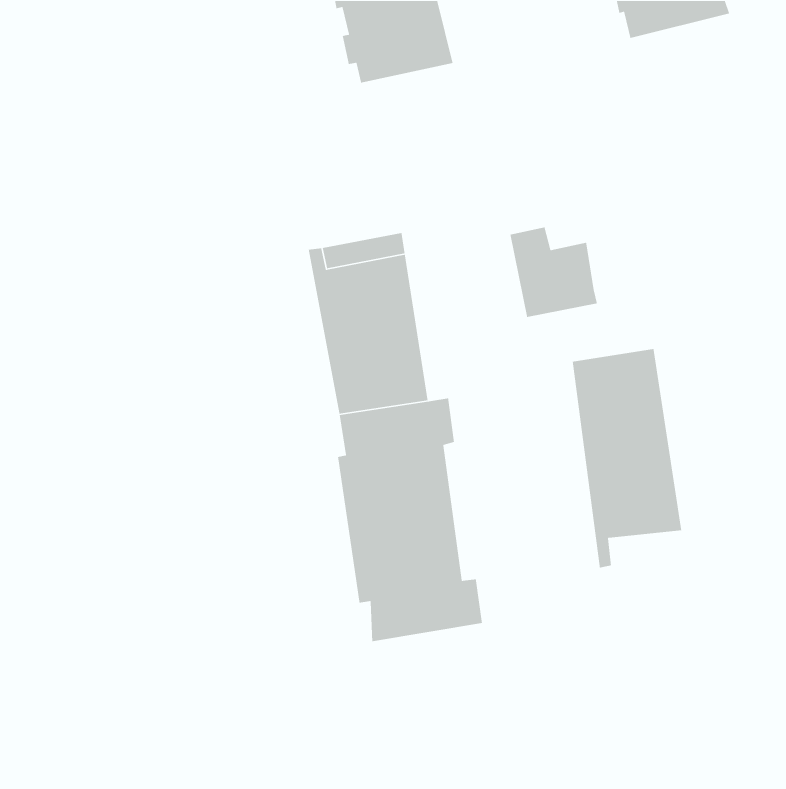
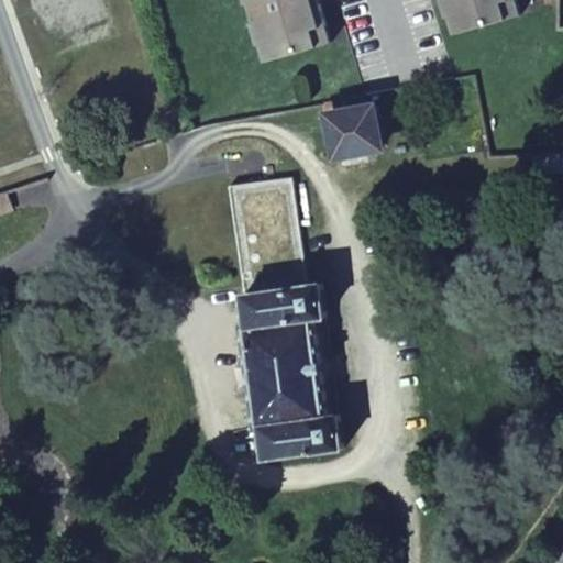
building: [509,226,598,318] -> [314,97,377,162]
building: [572,348,682,568] -> none

